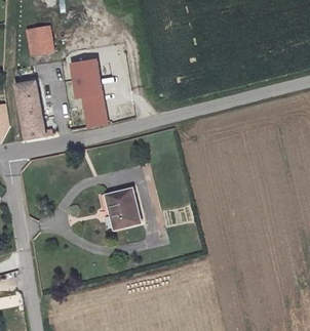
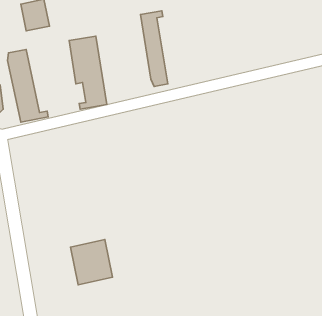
building: none -> [140,11,168,86]
building: [100,182,139,224] -> [70,240,112,285]

